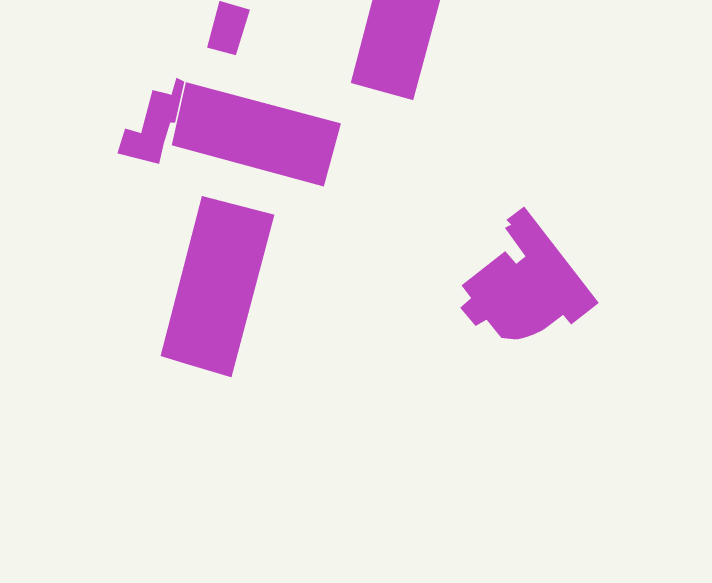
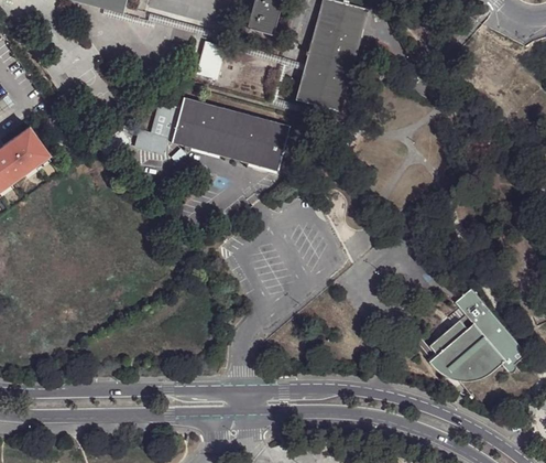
building: [160,195,275,378] -> none
building: [459,205,600,340] -> [433,288,529,380]

